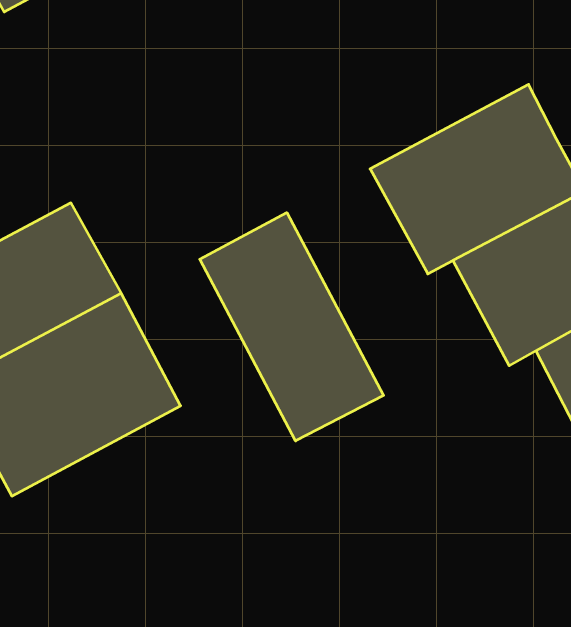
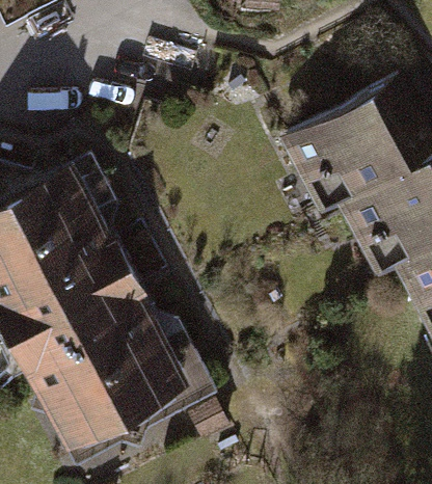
building: [200,213,384,441] -> none
building: none -> [29,307,187,443]

